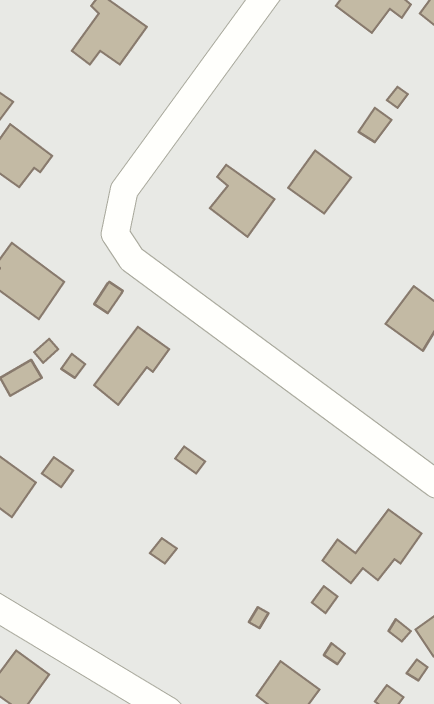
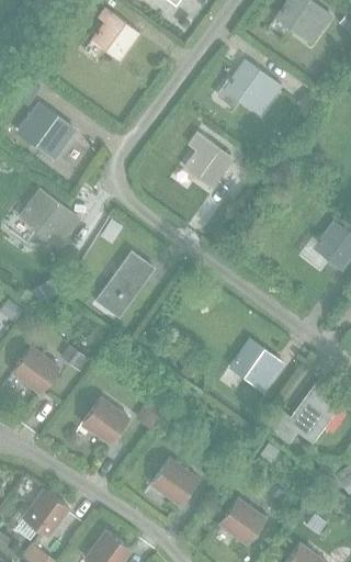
building: [288,150,351,213] -> [227,63,273,109]
building: none -> [231,341,279,389]
building: none -> [82,398,128,443]
building: none -> [151,459,197,504]

